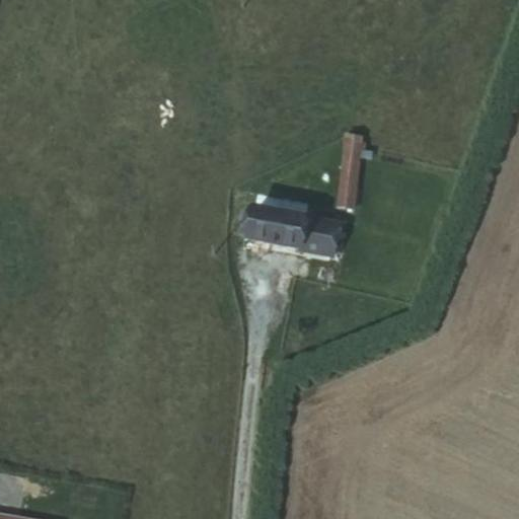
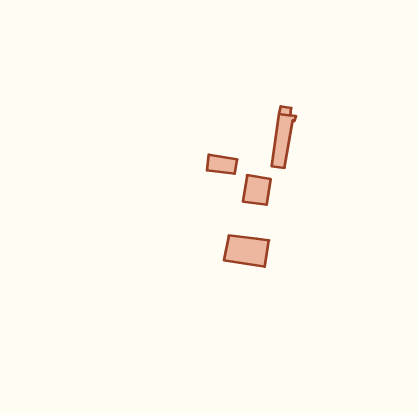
building: [250,211,306,249] -> [224,236,269,267]

